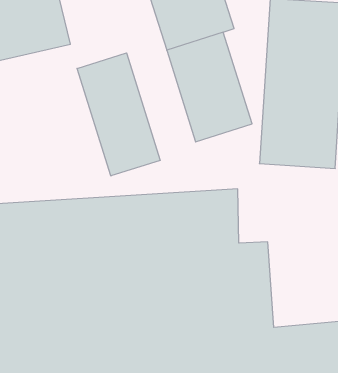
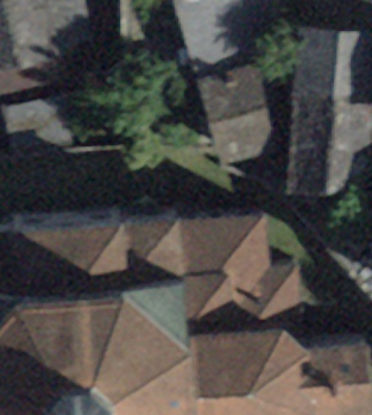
building: [77,53,160,176] -> none

